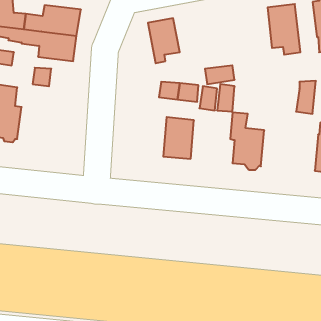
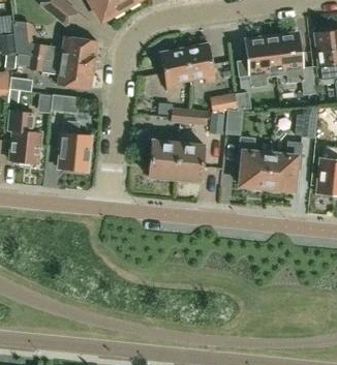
building: none -> [237,37,276,86]
building: none -> [183,42,214,83]
building: none -> [58,120,89,170]
building: none -> [148,139,177,178]
building: none -> [266,142,300,192]

